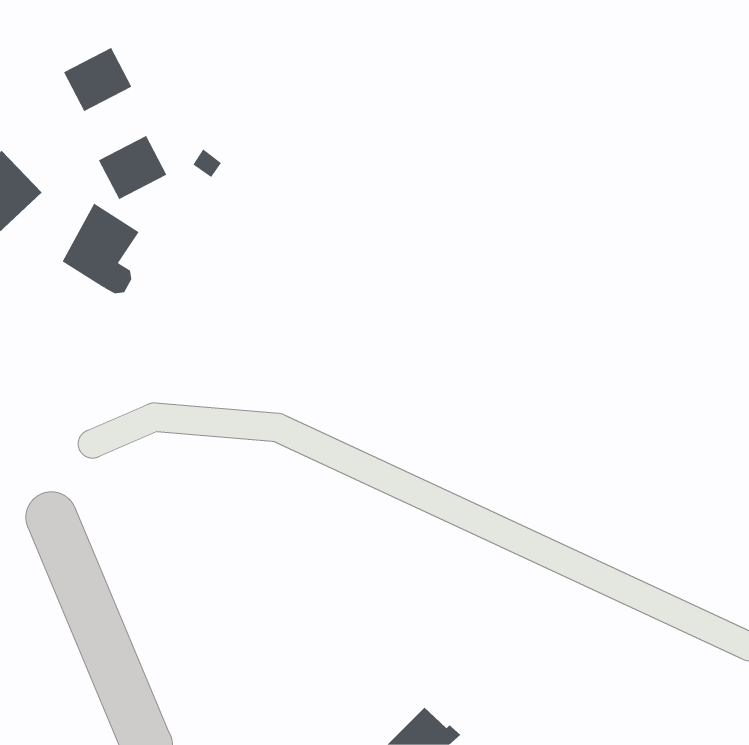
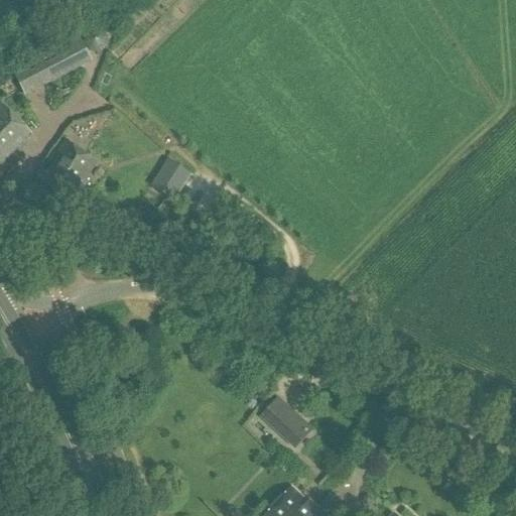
building: [98,135,167,200] -> [10,49,57,94]
building: none -> [158,157,189,198]
building: none -> [271,409,307,444]

